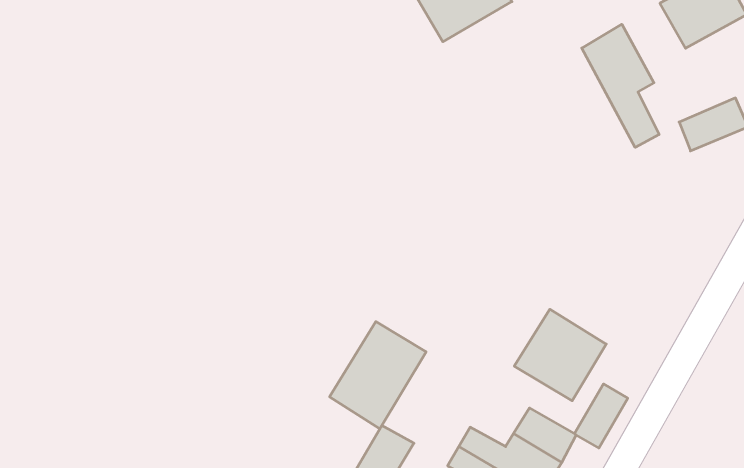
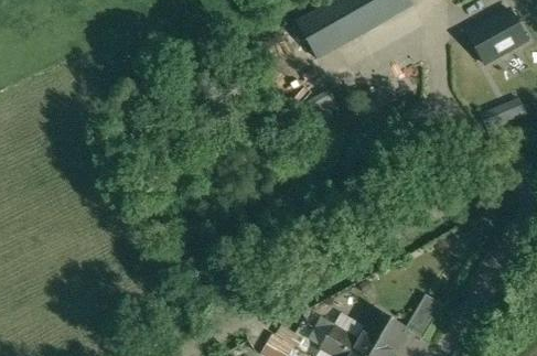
building: [582,24,659,147] -> none
building: [514,309,606,401] -> none
building: [330,322,426,429] -> none

